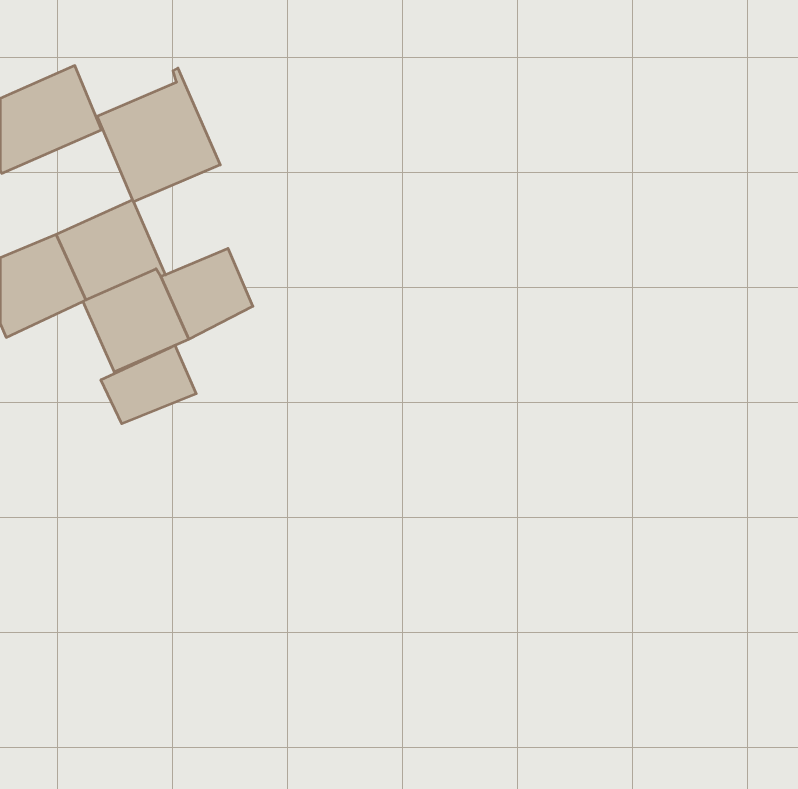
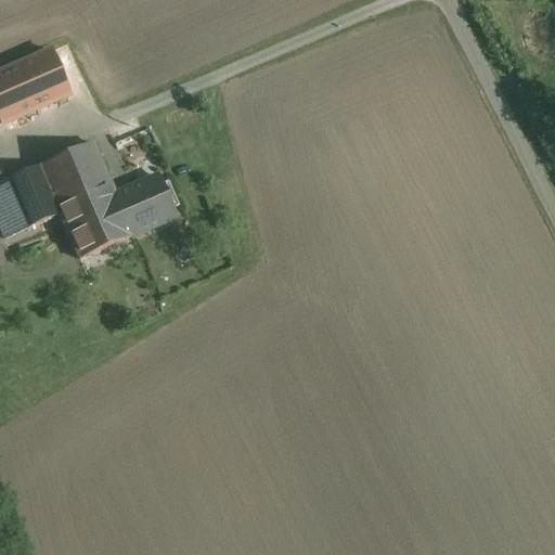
building: [97,68,220,202] -> none
building: [101,345,196,424] -> none

